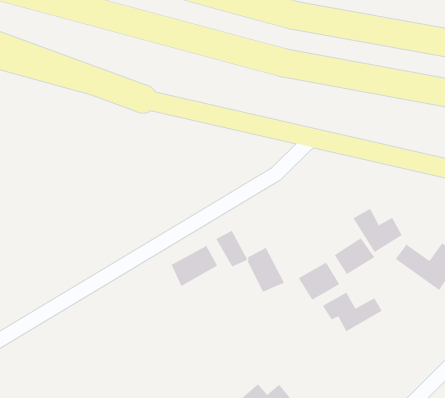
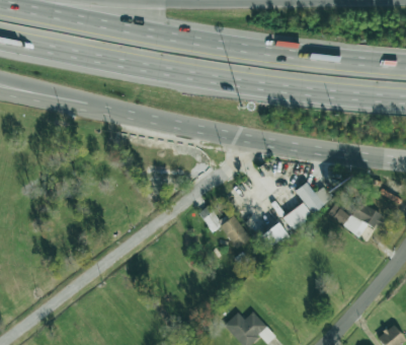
building: [171,245,218,287] -> none
building: [322,292,382,332] -> none

